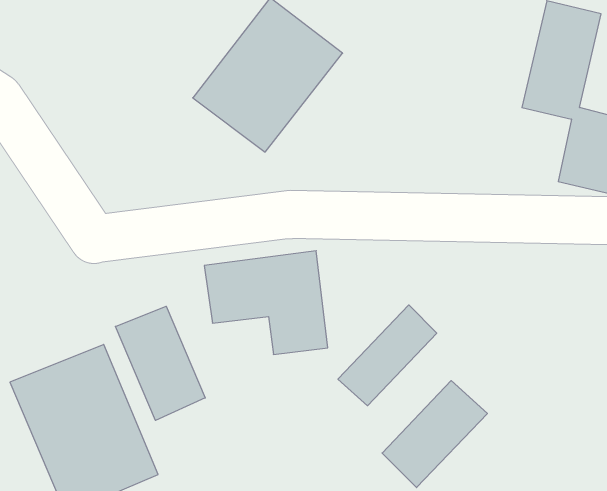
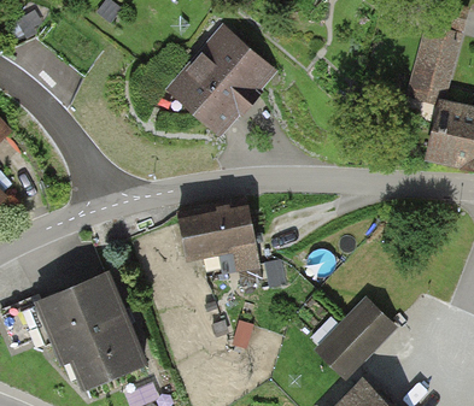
building: [338,305,437,406] -> none
building: [115,306,205,420] -> none

